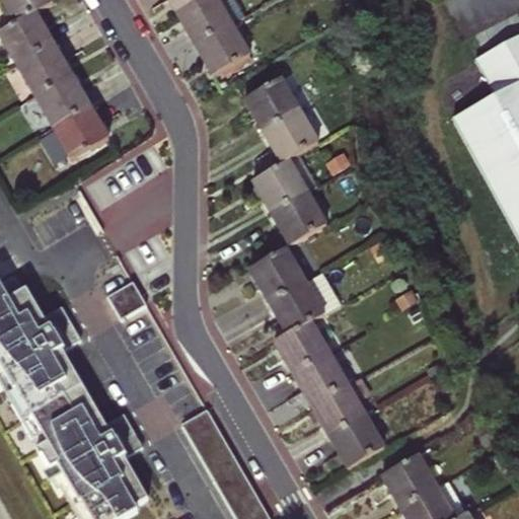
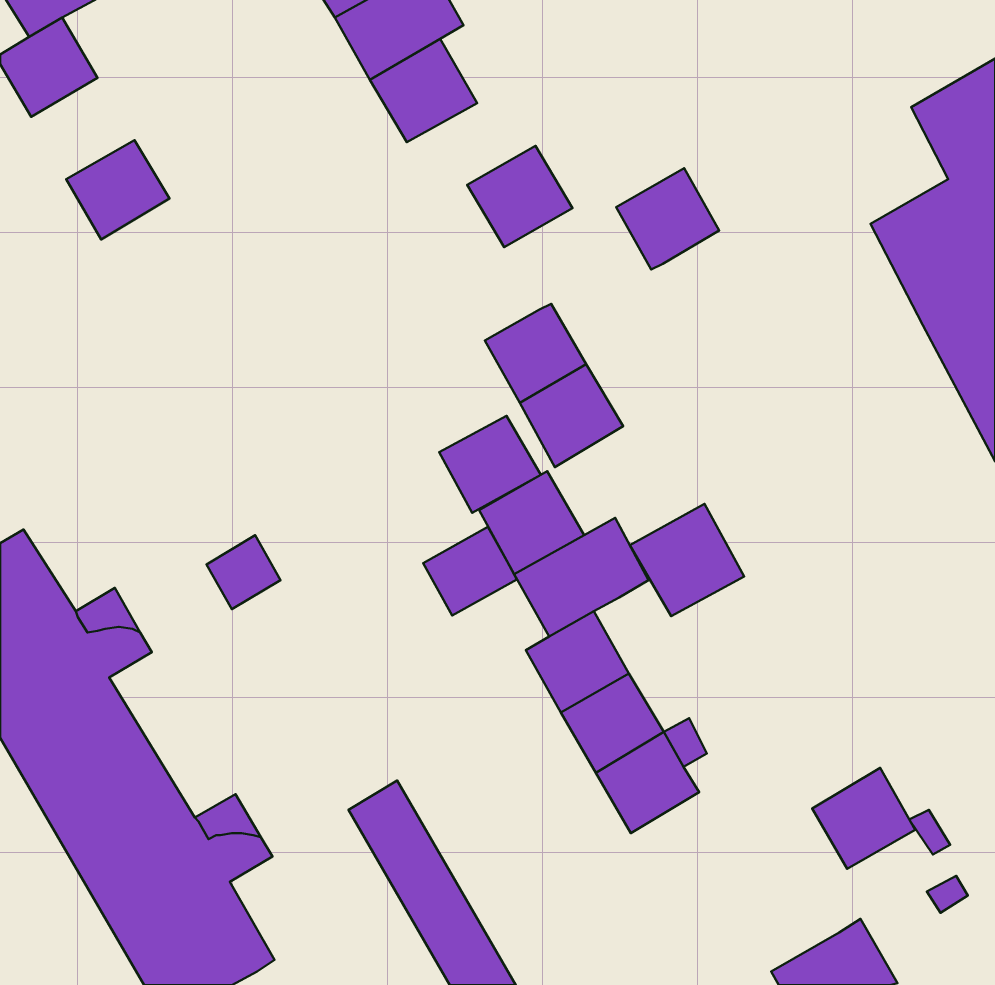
building: [16,41,70,93] -> none
building: [53,103,106,157] -> none
building: [263,108,316,161] -> [616,168,719,270]
building: none -> [439,416,541,513]
building: none -> [630,504,744,616]
building: none -> [423,527,517,616]
building: [328,413,382,465] -> none
building: [383,453,437,506] -> [812,768,915,869]

